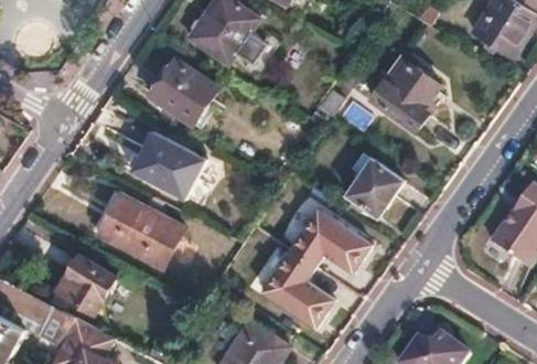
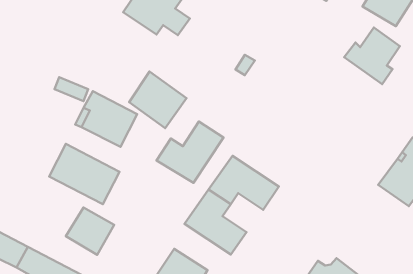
building: [148,60,216,127] -> [129,71,187,128]
building: [370,61,437,128] -> [344,28,400,84]
building: [345,159,401,215] -> none
building: none -> [157,122,224,183]
building: [57,257,115,313] -> [66,207,114,255]

